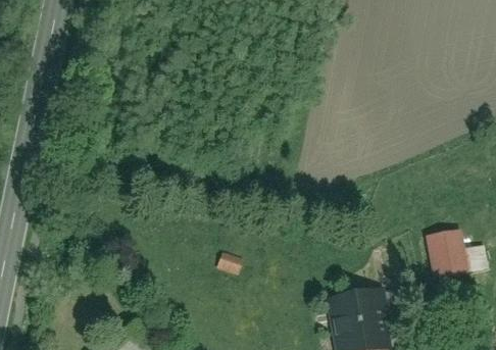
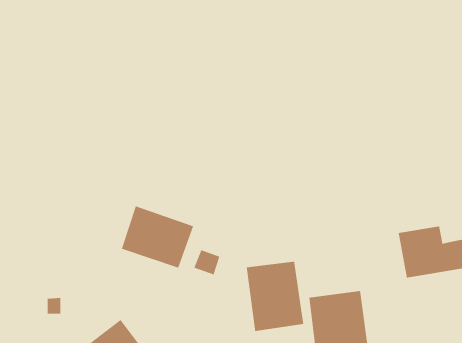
building: none -> [121,205,194,269]
building: none -> [246,261,304,332]

